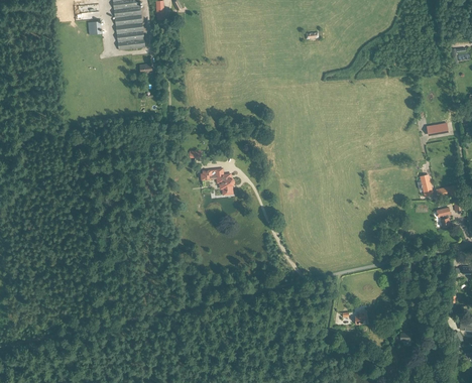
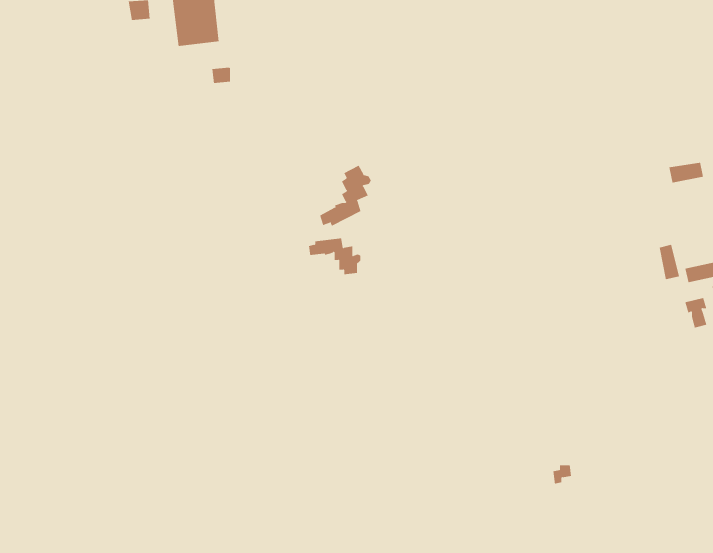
building: none -> [319,165,371,226]

